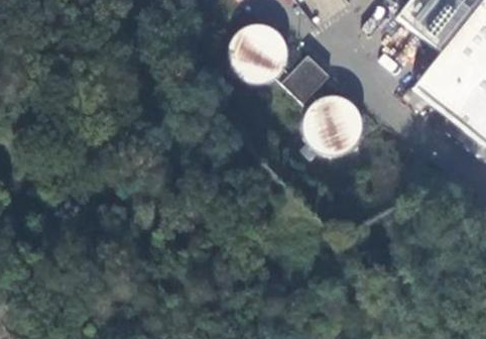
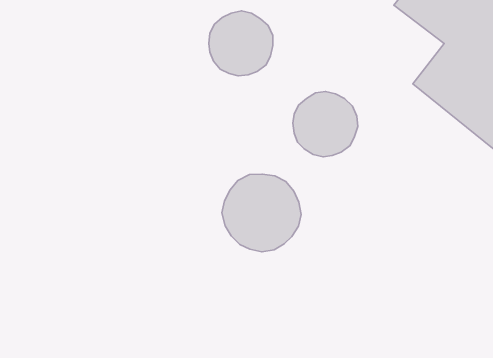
building: [277,53,330,106] -> none
building: none -> [222,174,301,252]

